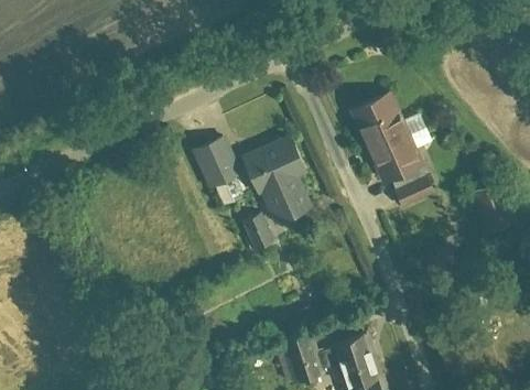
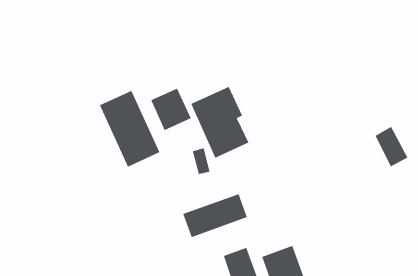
building: [347,91,439,210] -> none
building: none -> [99,90,160,168]
building: none -> [182,193,248,238]

